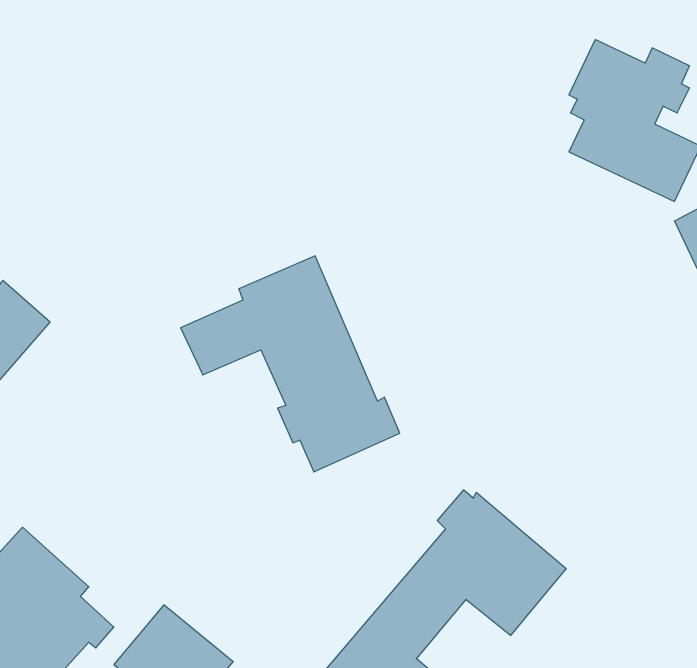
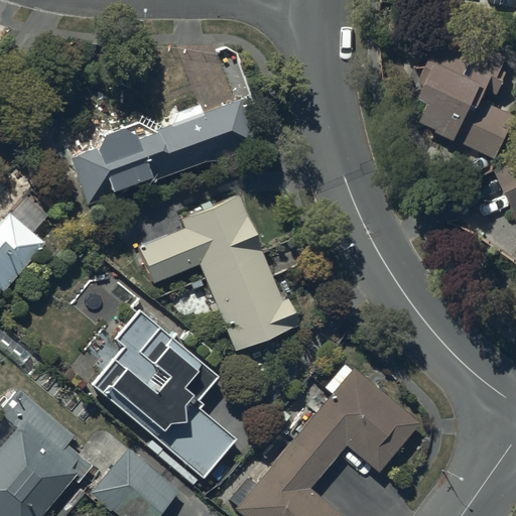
building: none -> [70,100,256,205]
building: none -> [92,310,235,478]

